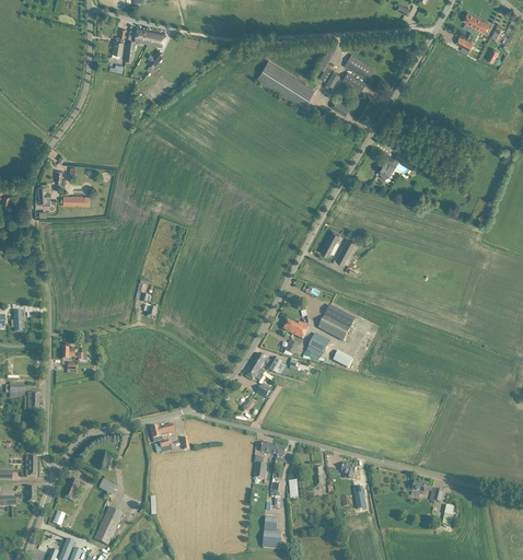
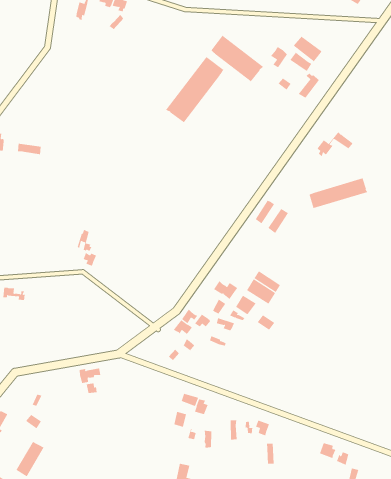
building: none -> [165,56,224,123]
building: none -> [309,178,368,209]

